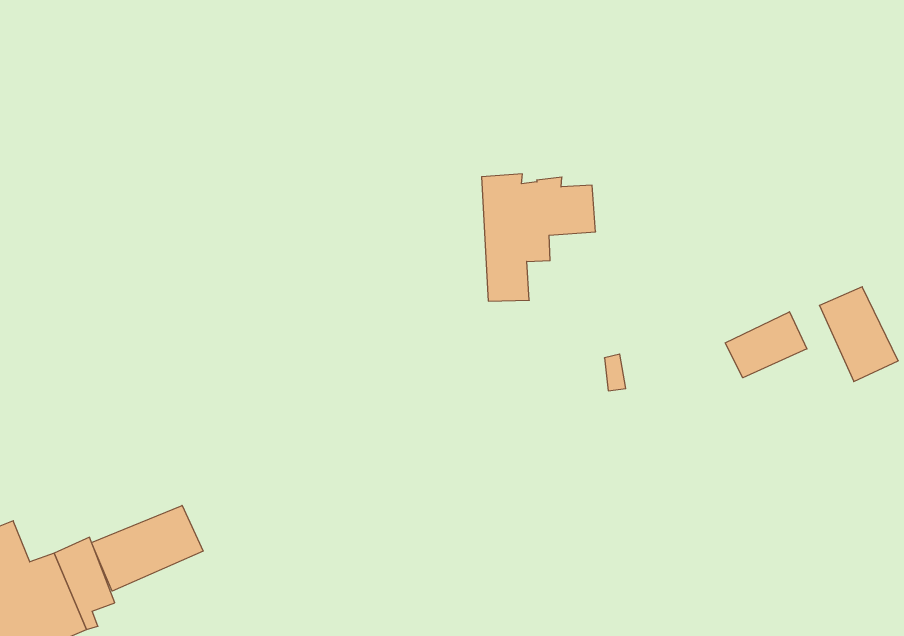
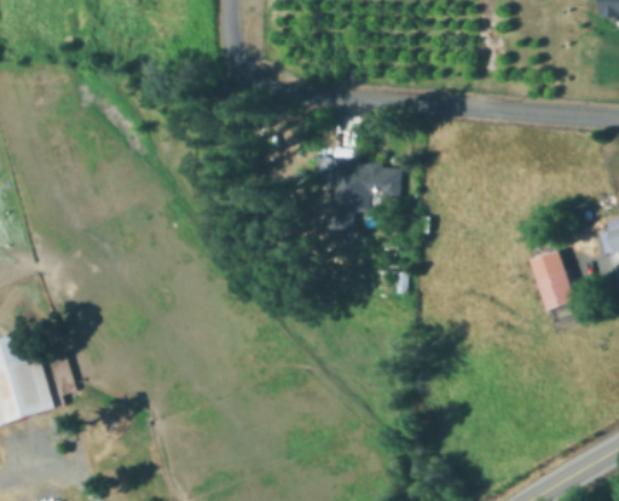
building: [725,312,807,378] -> none
building: [91,505,203,591] -> none

